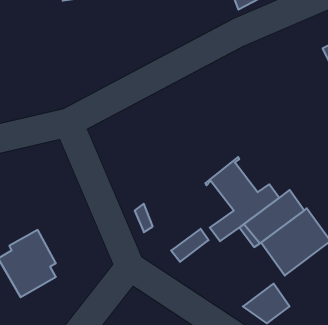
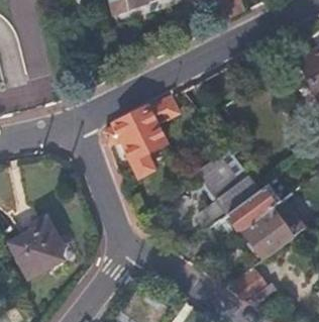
building: none -> [104,95,181,176]

